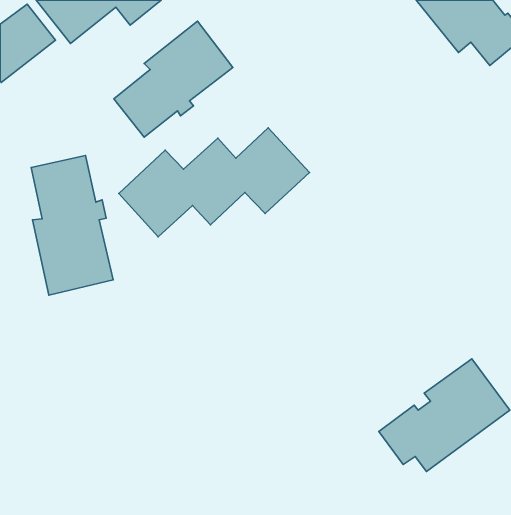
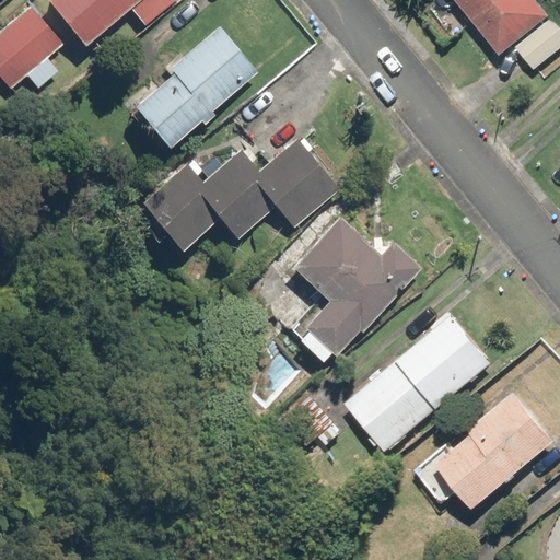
building: [31,155,113,295] -> none
building: none -> [289,215,422,368]
building: none -> [346,312,497,453]

